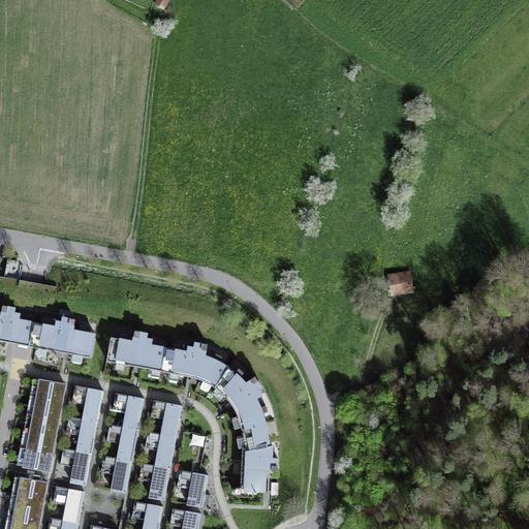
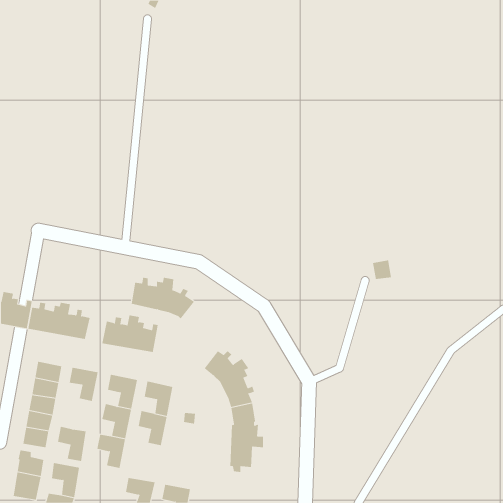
building: [161,342,228,386] -> [131,277,195,320]
building: [66,416,97,453] -> none
building: [139,463,169,500] -> none
building: [178,470,208,506] -> none

